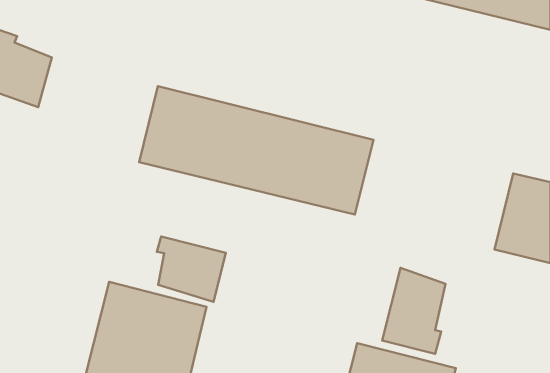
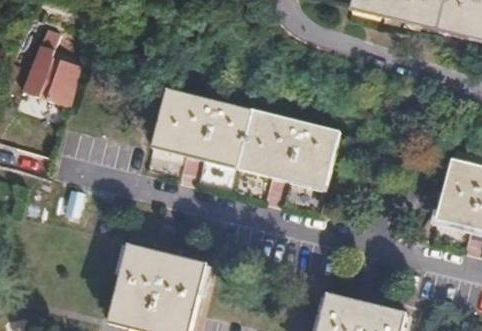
building: [157,237,226,302] -> none
building: [382,268,445,354] -> none

